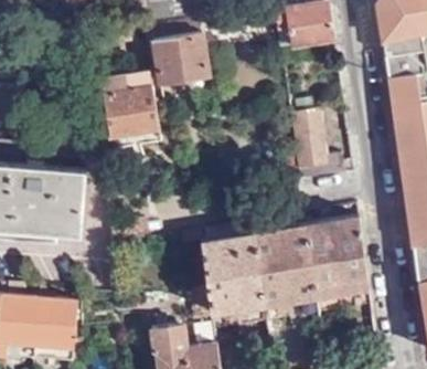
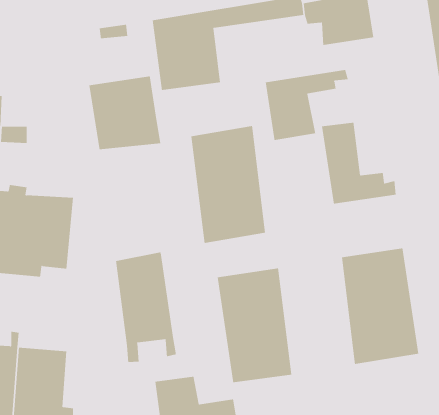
building: none -> [265,69,348,141]
building: none -> [115,251,176,363]
building: [255,224,318,323] -> [191,126,266,243]

